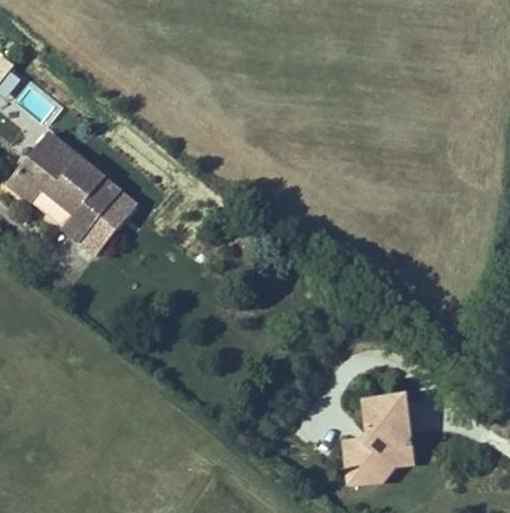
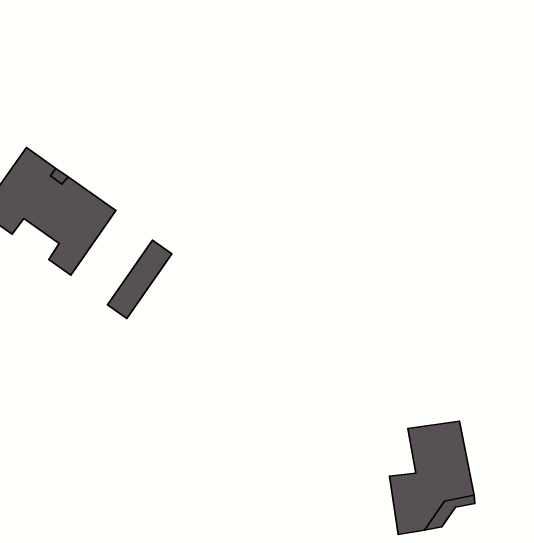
building: [79,189,138,255] -> [107,240,172,318]

